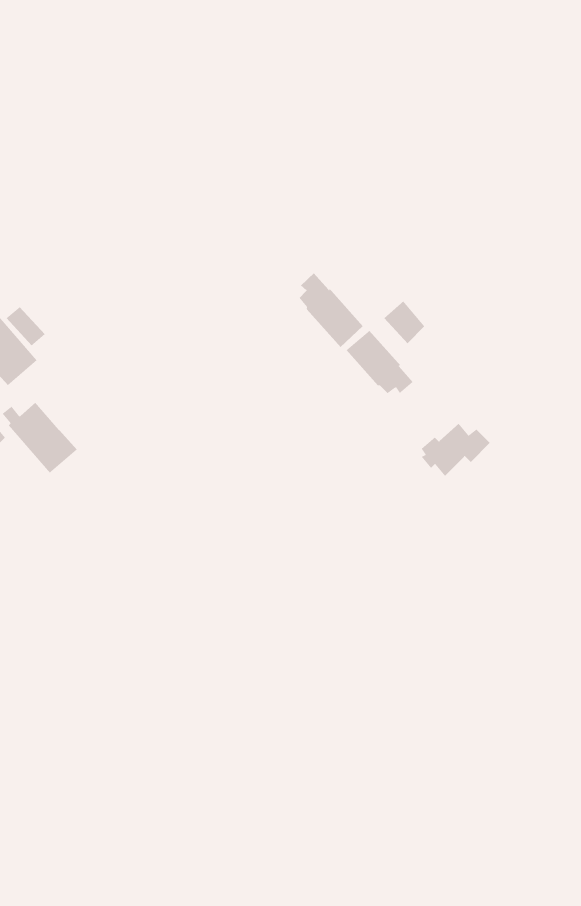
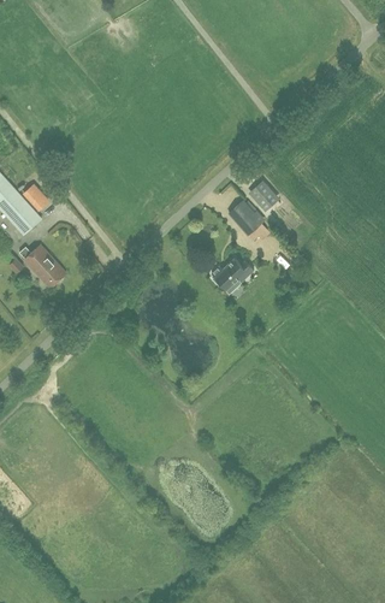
building: [299,273,364,348] -> none
building: [421,423,491,477] -> [212,258,254,290]

